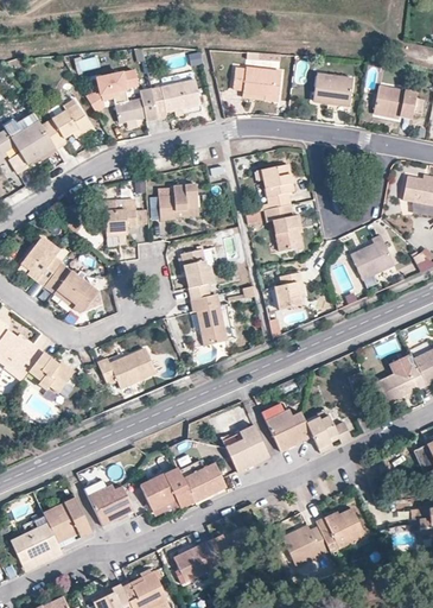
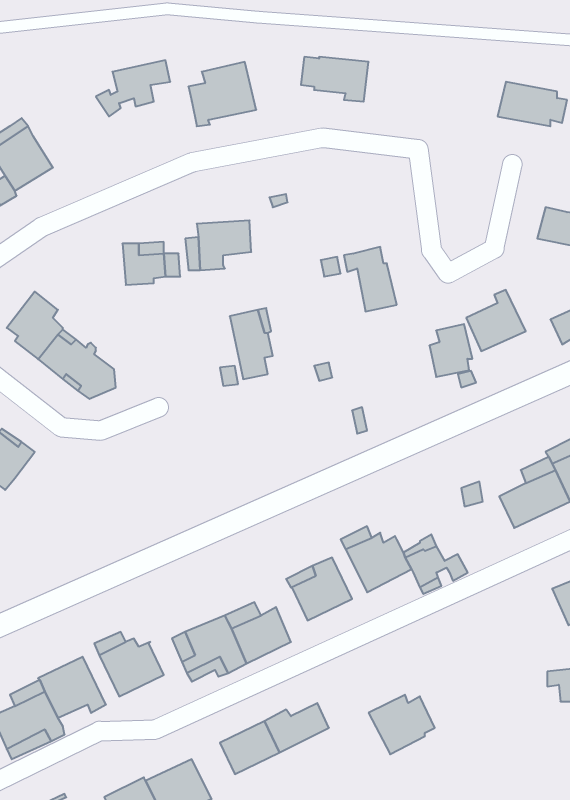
building: [313,74,352,103] -> none
building: [114,86,158,121] -> none
building: [40,99,91,148] -> none
building: [262,164,293,208] -> none
building: [274,271,305,309] -> [429,324,472,377]
building: [191,292,227,344] -> none
building: [96,348,154,386] -> none
building: [27,350,71,391] -> none
building: [316,509,364,552] -> none

